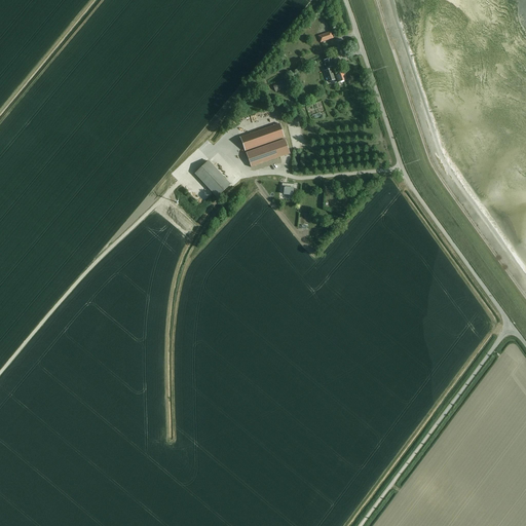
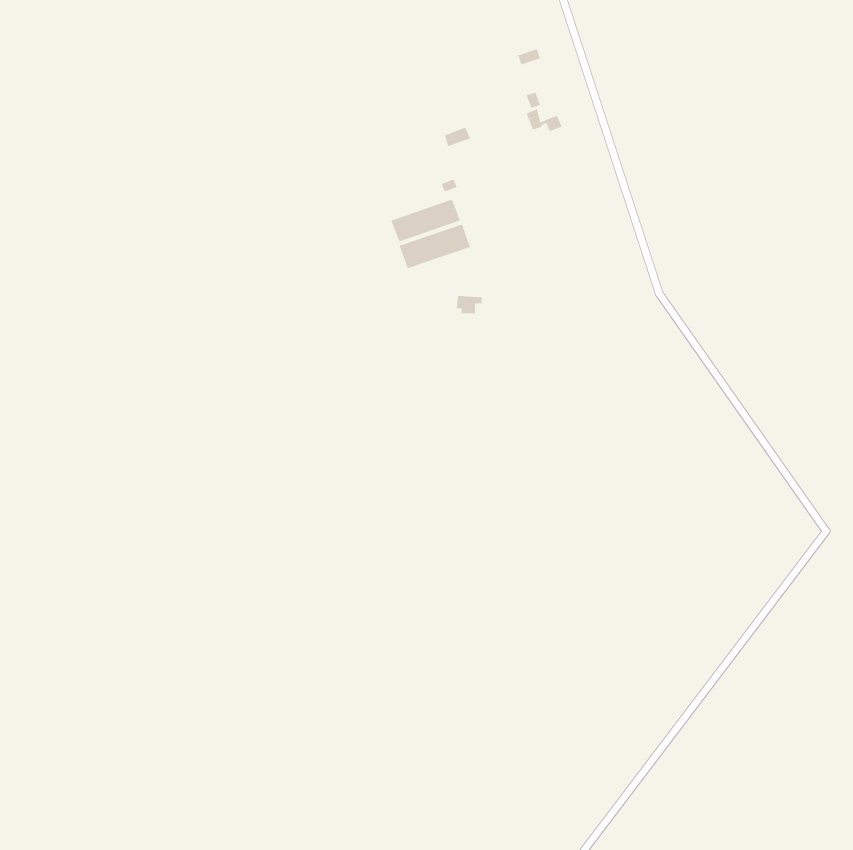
building: [195,159,230,195] -> none

